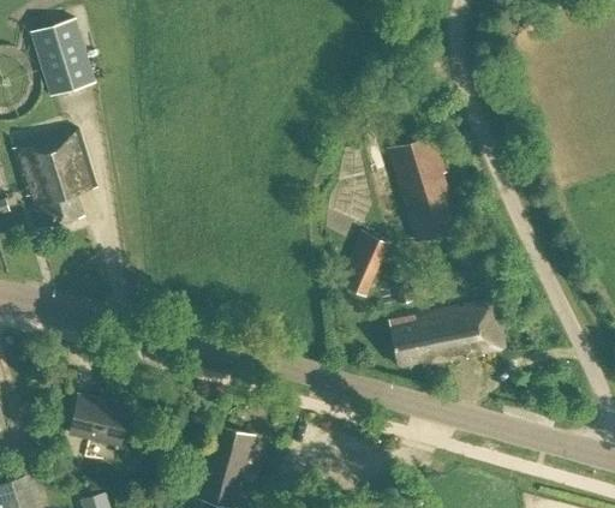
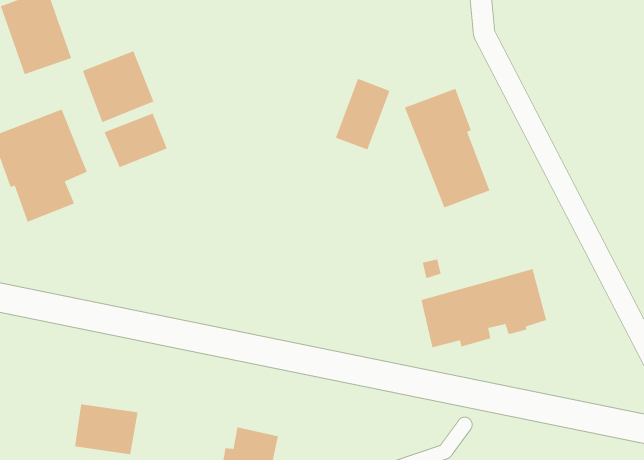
building: none -> [82,50,155,123]
building: none -> [103,112,168,168]
building: [336,231,389,297] -> [335,78,390,151]

